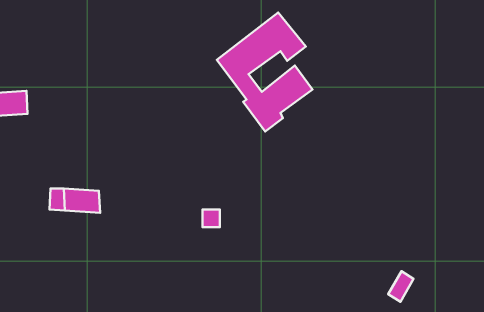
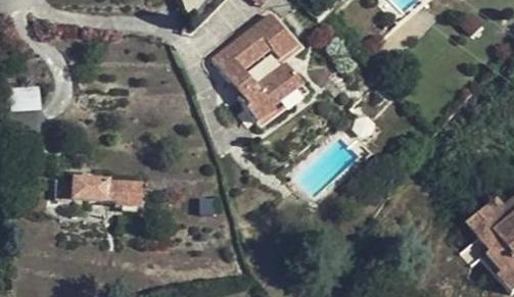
building: none -> [104,179,143,205]

